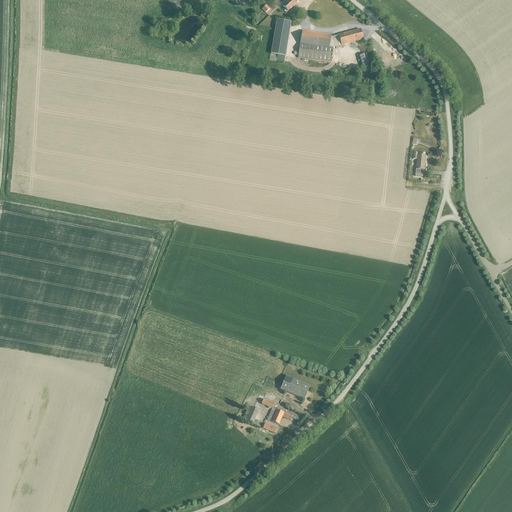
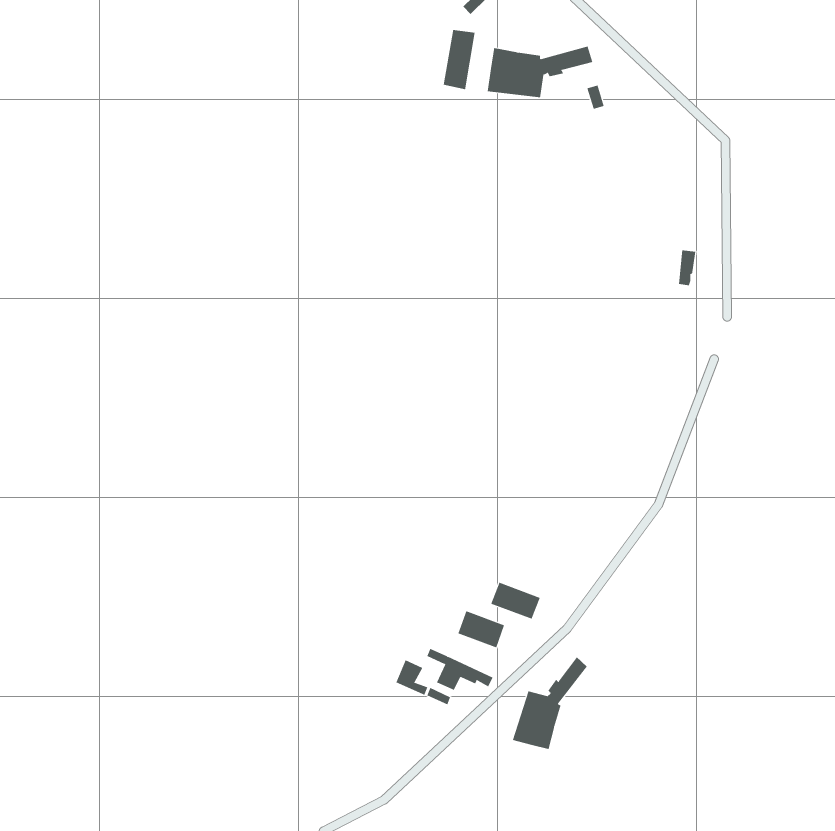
building: none -> [490,582,541,620]
building: none -> [512,657,587,750]

